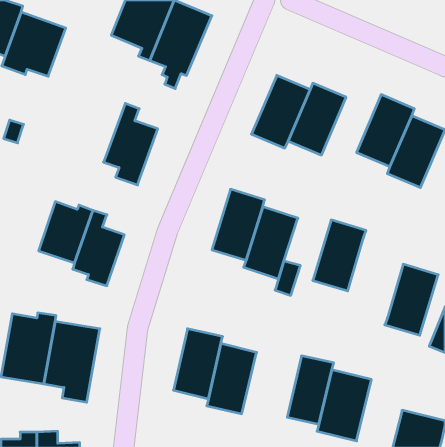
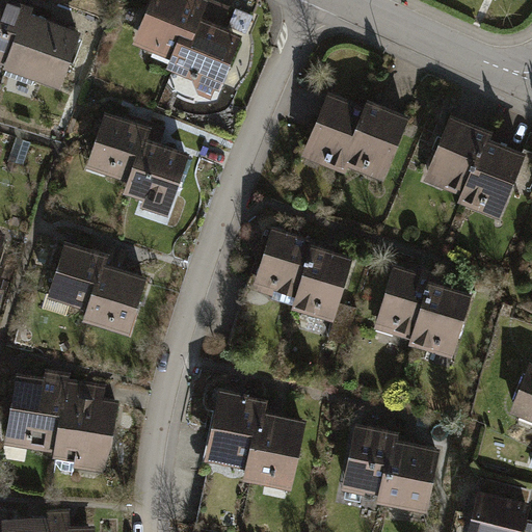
building: none -> [83,113,149,186]
building: [385,264,438,335] -> [409,283,473,367]

